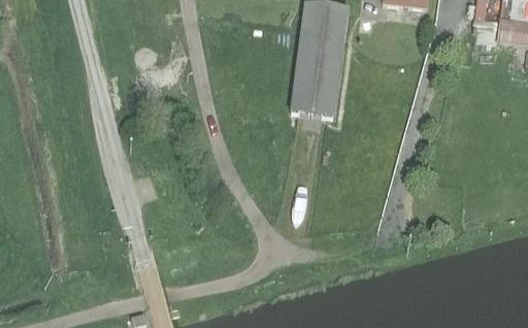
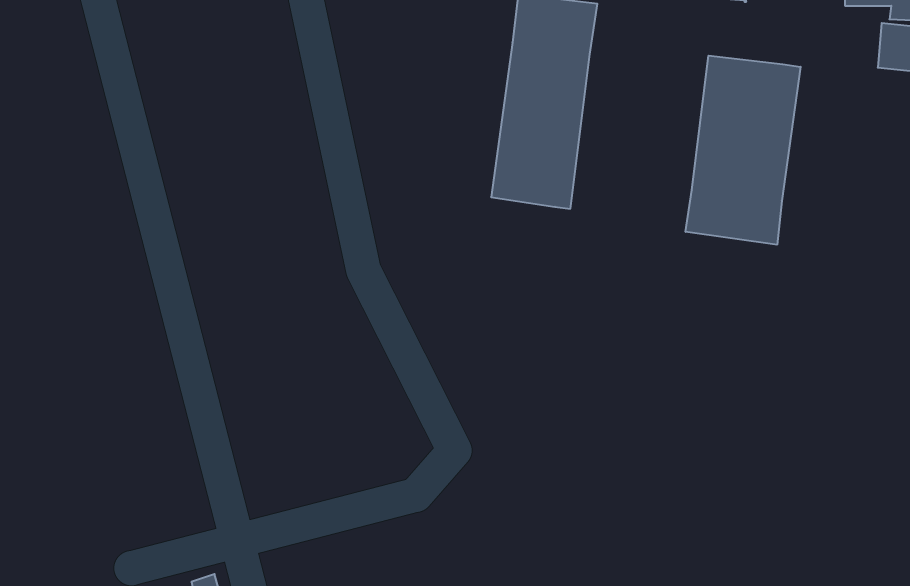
building: none -> [686,56,801,245]

